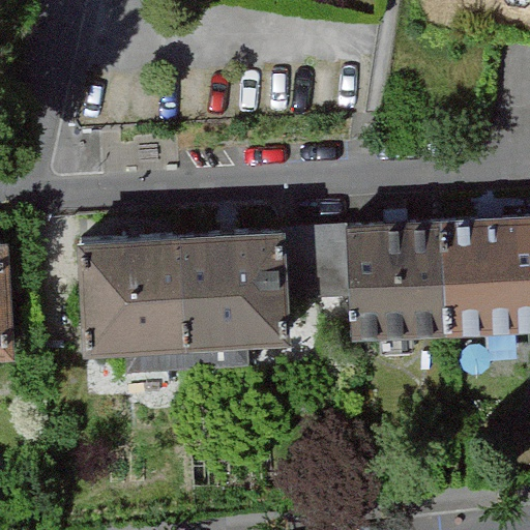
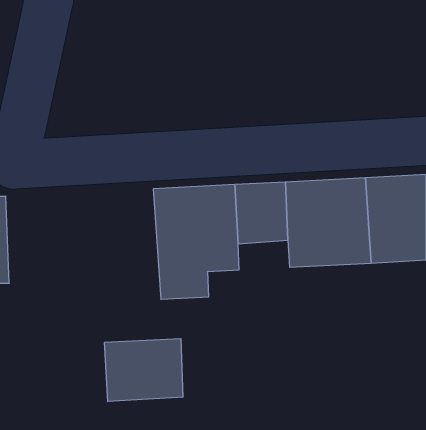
building: [90,233,198,372] -> none
building: none -> [105,339,183,402]

